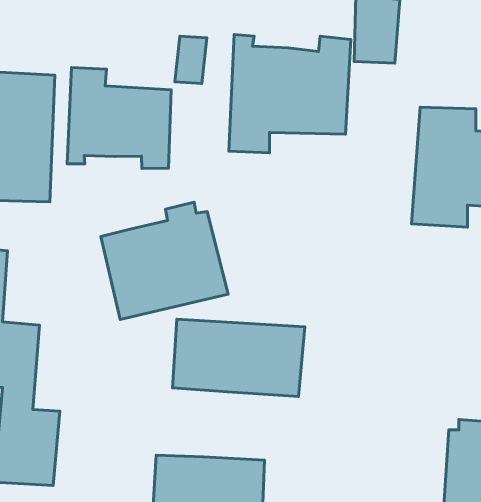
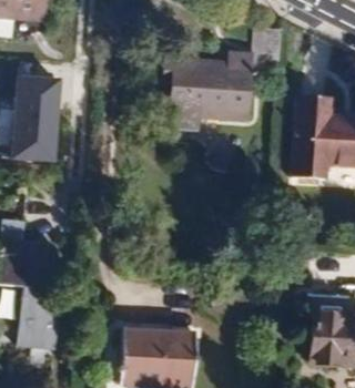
building: [67,68,171,169] -> none
building: [101,202,228,320] -> none
building: [173,319,305,396] -> none

